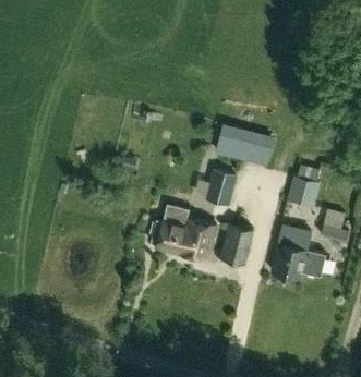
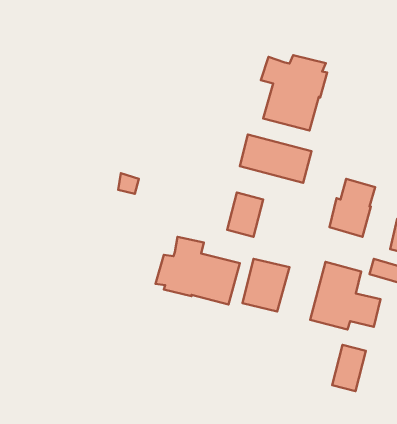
building: none -> [261,55,327,131]
building: none -> [332,345,366,391]

